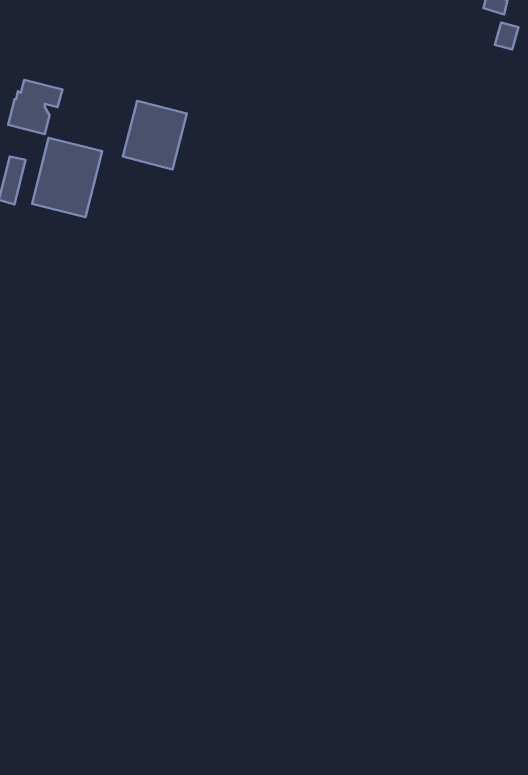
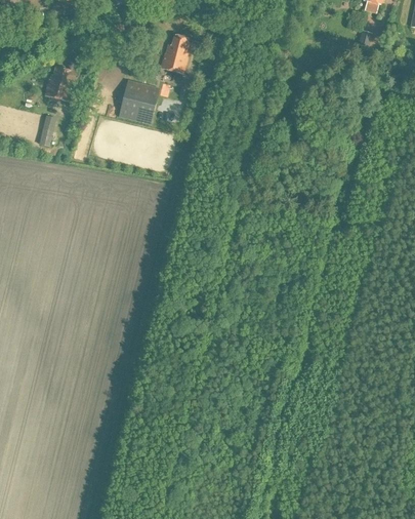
building: none -> [160,33,191,73]
building: [32,138,102,217] -> none

